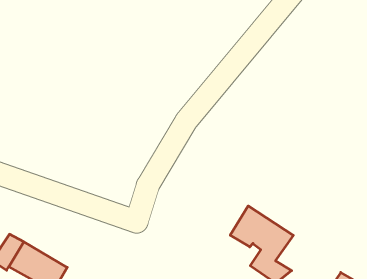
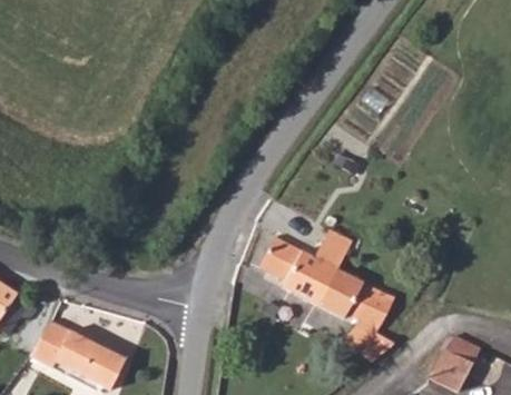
building: none -> [258,227,350,305]

